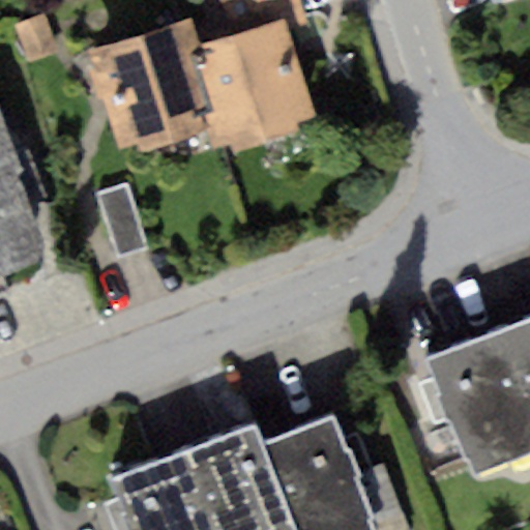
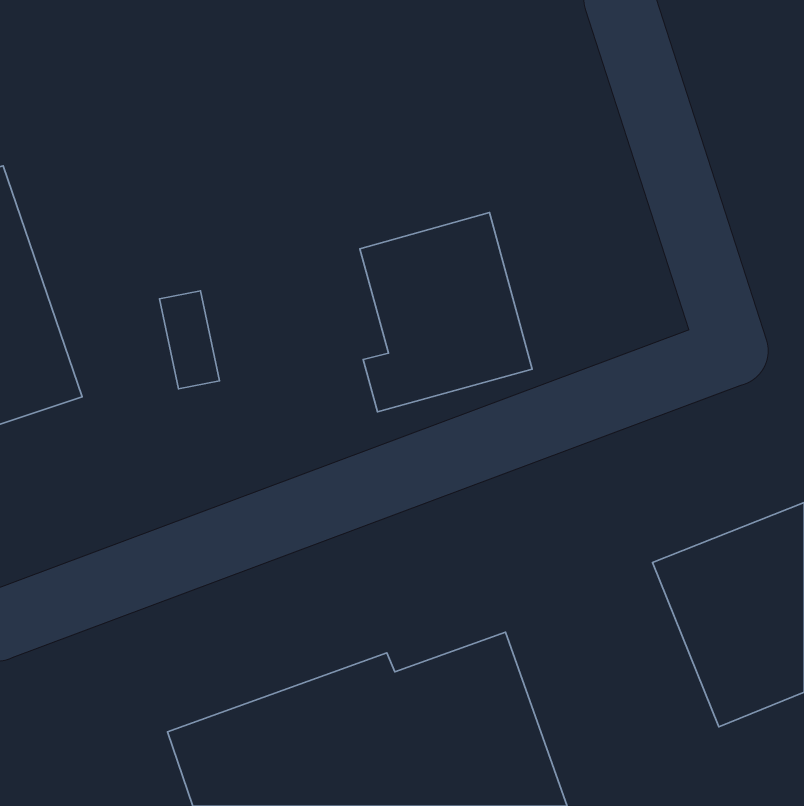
building: [203,20,316,150] -> [360,213,532,412]
building: [86,29,205,153] -> none

